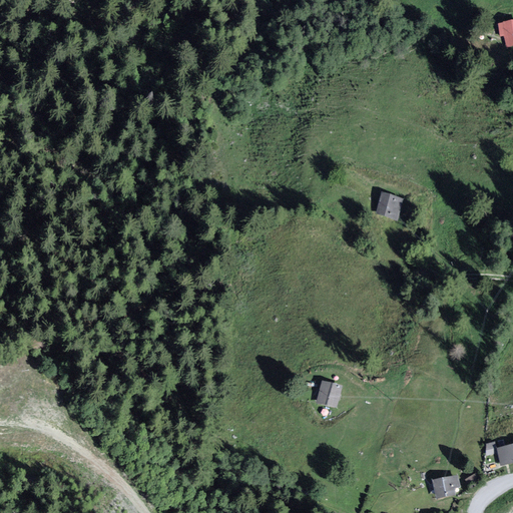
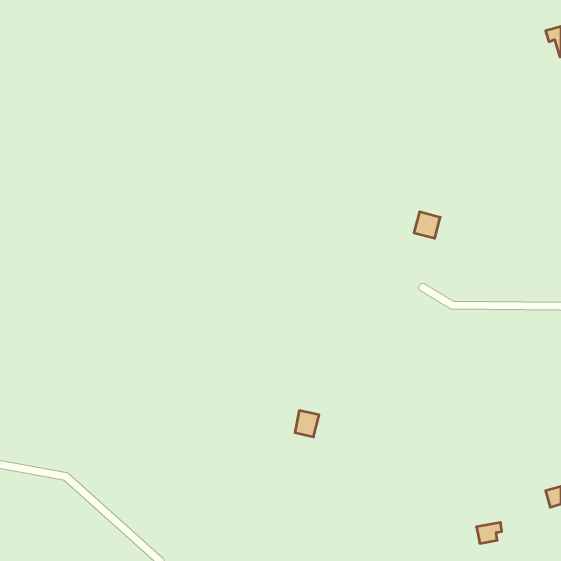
building: [319,382,341,406] -> [295,411,319,437]

